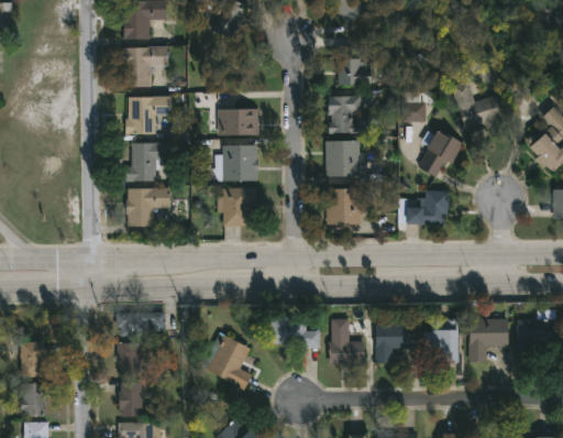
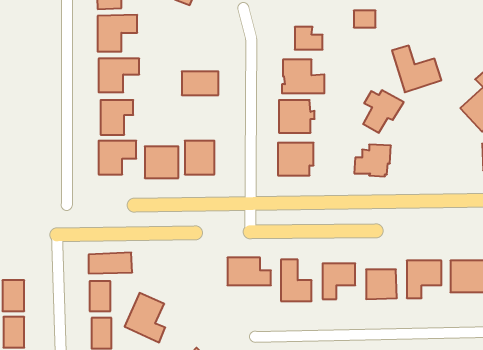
building: [402,102,427,121] -> [354,11,376,27]
building: [219,143,256,178] -> [145,146,178,178]
building: [205,335,250,390] -> [125,293,165,342]

